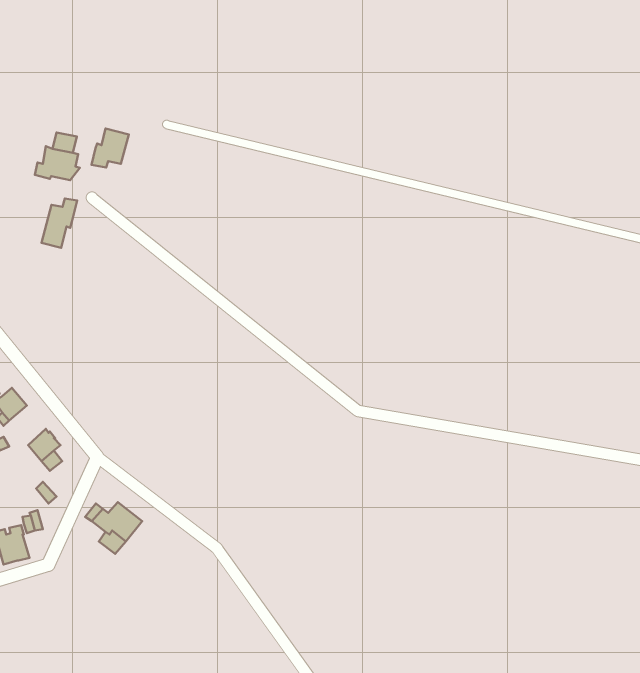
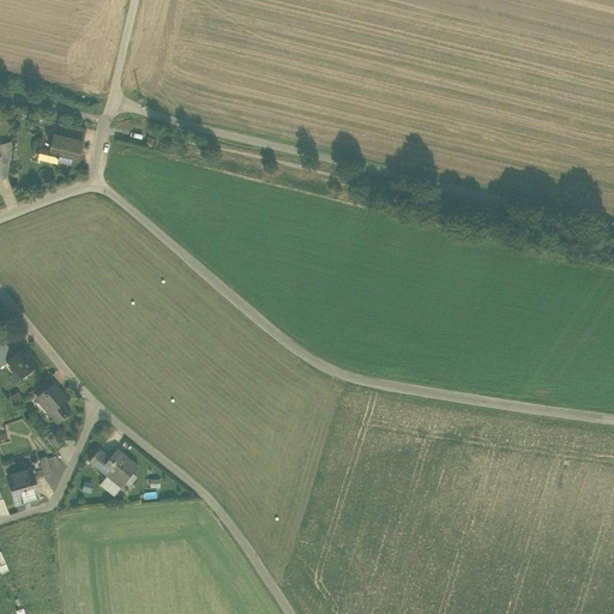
building: [91,129,129,168] -> none
building: [41,199,77,248] -> none

